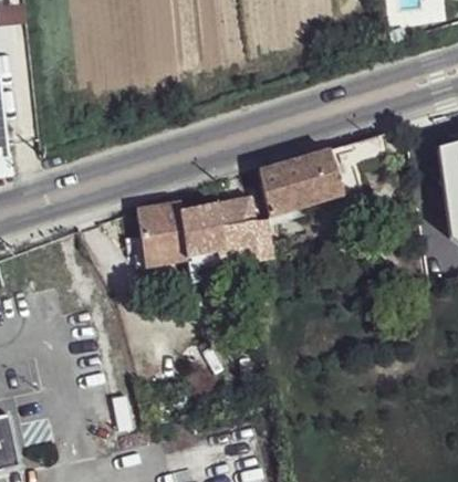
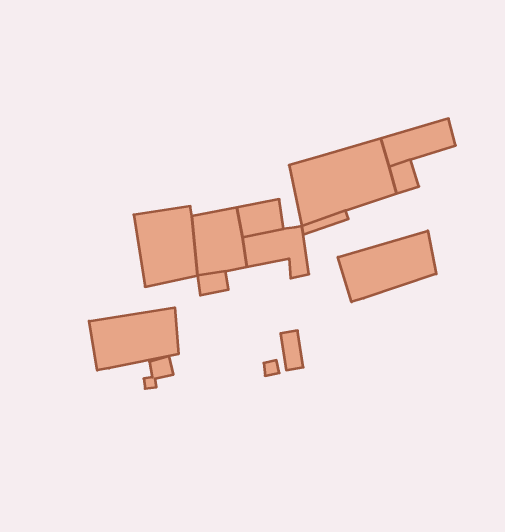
building: none -> [338,231,436,302]
building: none -> [89,308,178,370]

